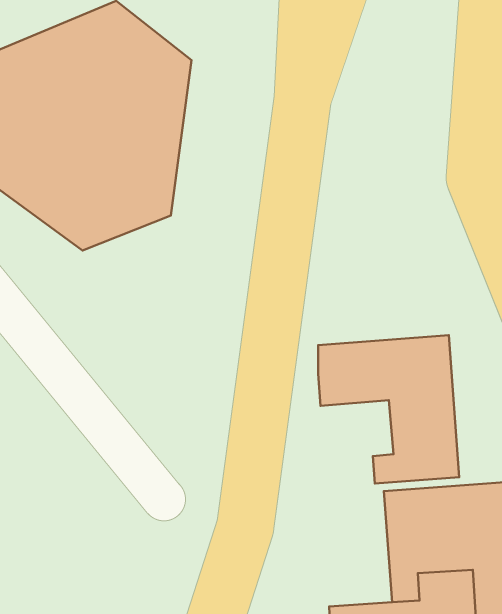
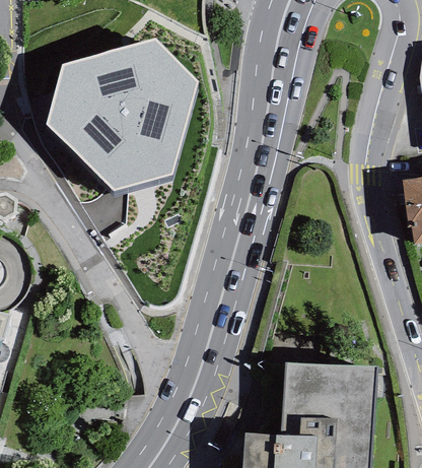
building: [318,335,459,483] -> none

